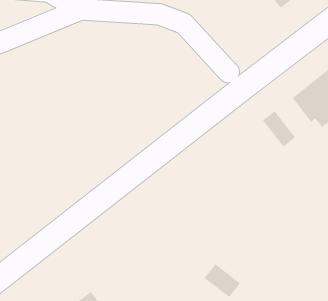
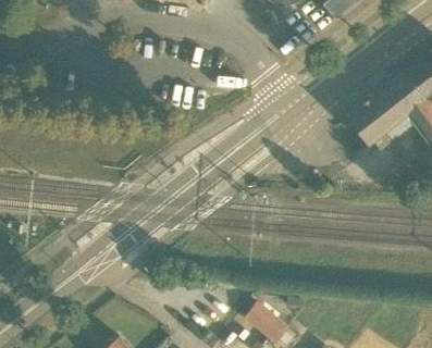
building: [262,110,296,147] -> none

